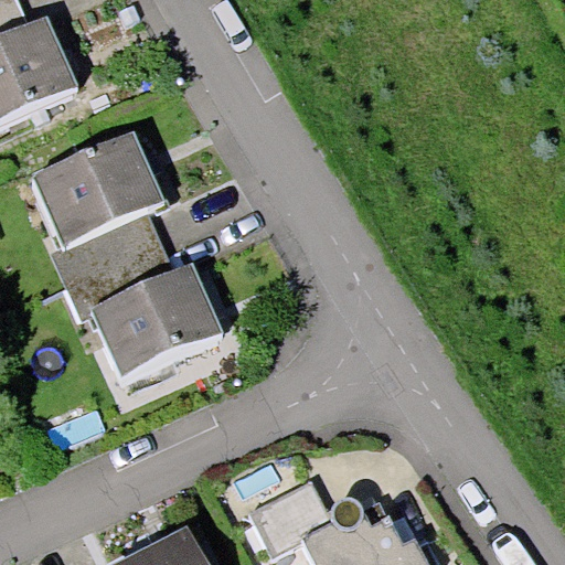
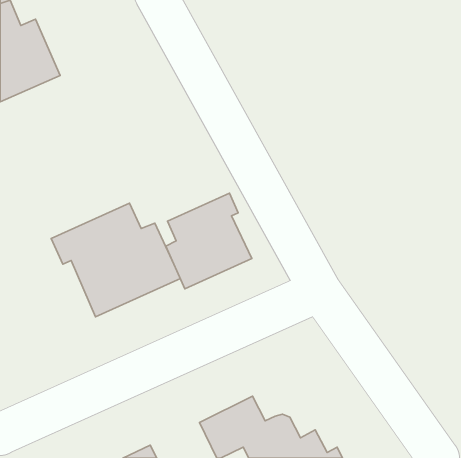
building: [32,139,164,289] -> none
building: none -> [166,193,252,289]

